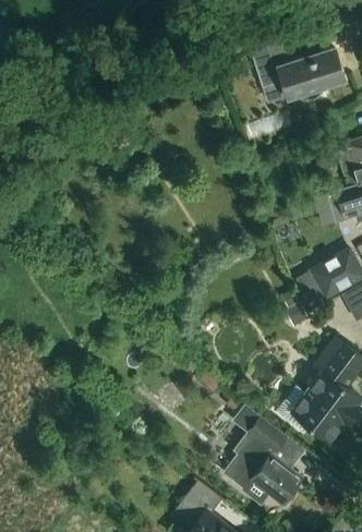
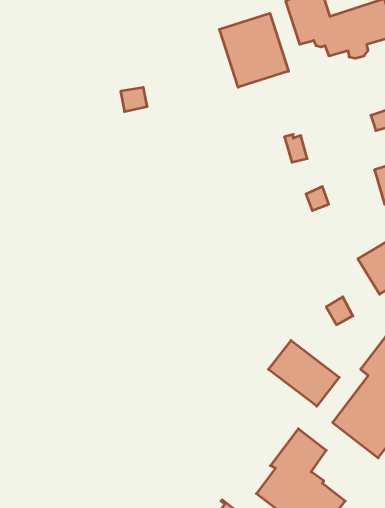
building: none -> [219,13,289,87]
building: none -> [268,340,339,406]

